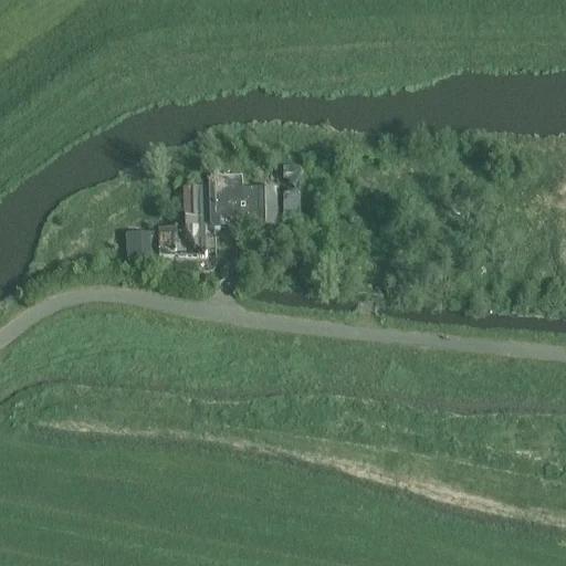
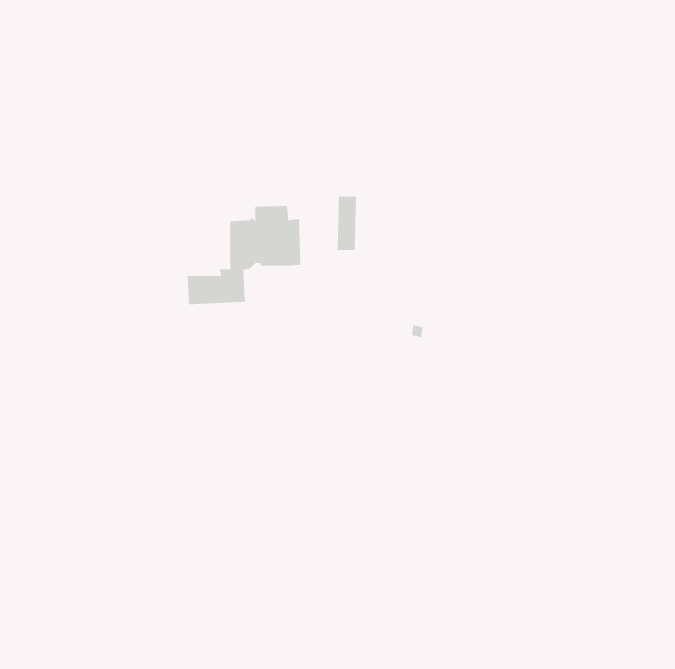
building: [250,182,276,221] -> none
building: [125,230,157,254] -> none

